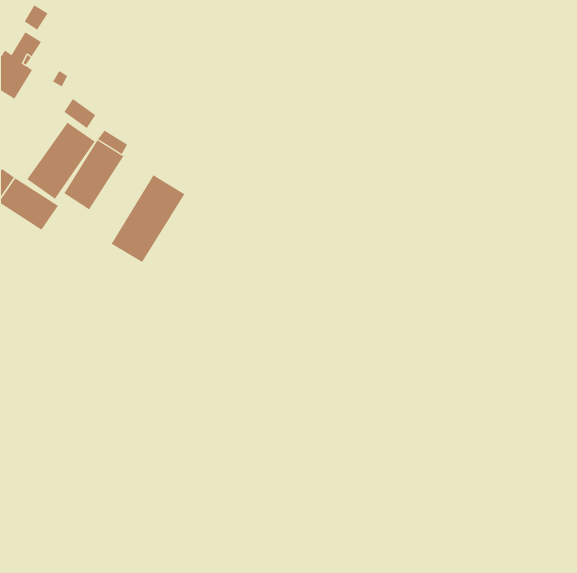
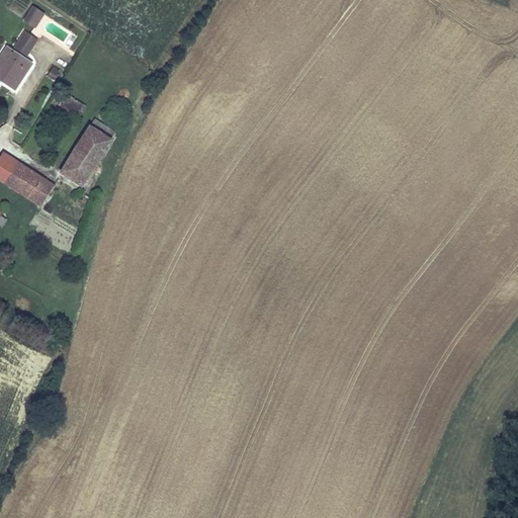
building: [26,122,96,200] -> none
building: [111,174,185,263] -> none

